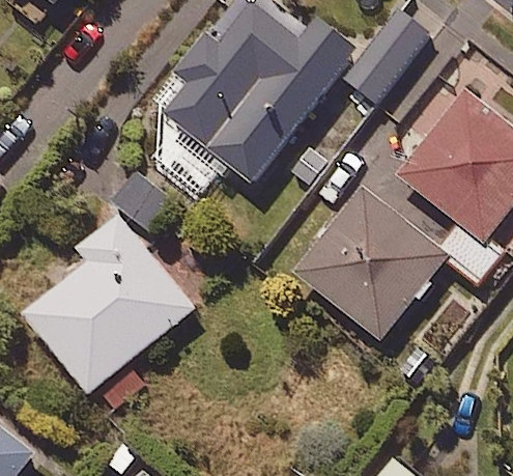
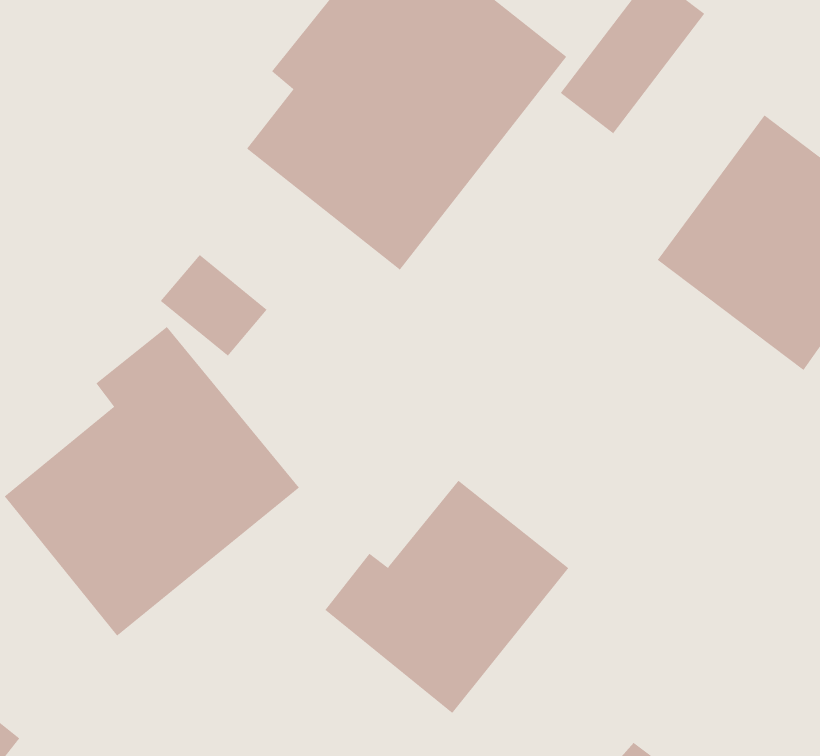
building: [293,188,446,340] -> none
building: none -> [324,480,569,714]

